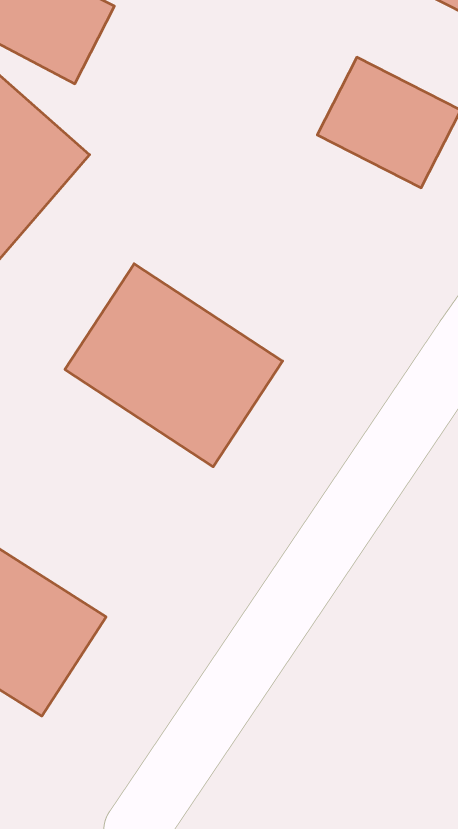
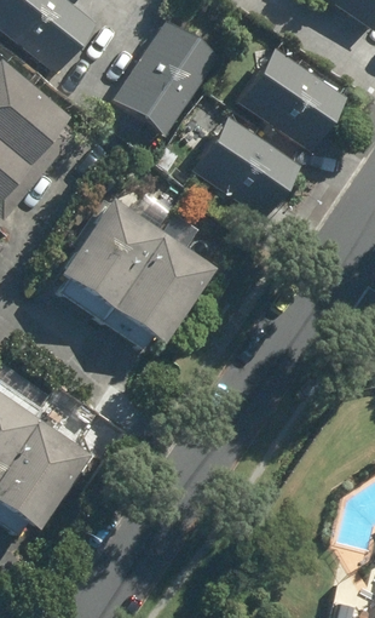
building: none -> [117,22,219,132]
building: none -> [196,125,301,221]

